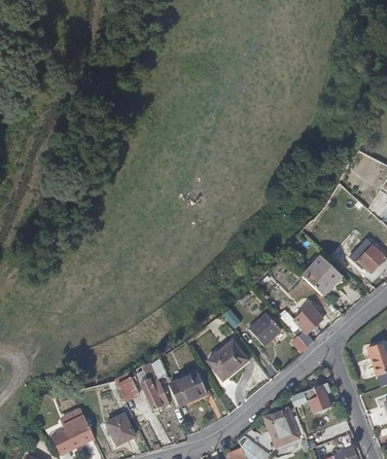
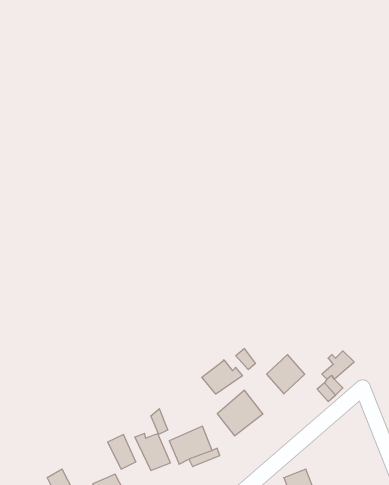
building: [302,257,341,296] -> none
building: none -> [202,360,242,394]
building: [303,382,331,414] -> none

